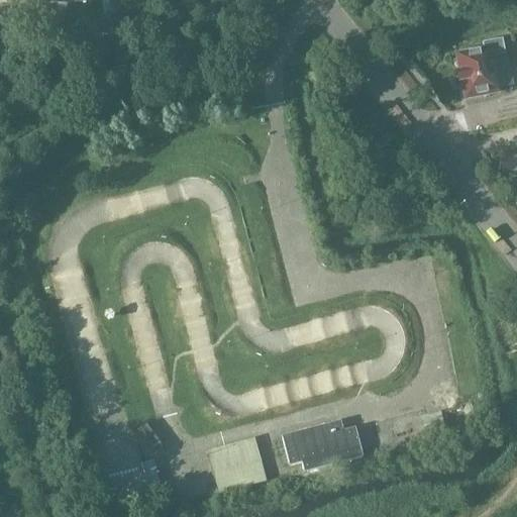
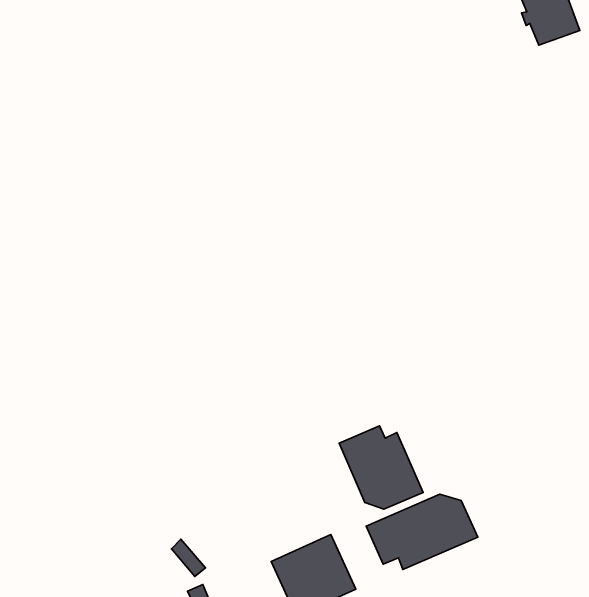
building: none -> [339,426,423,509]

